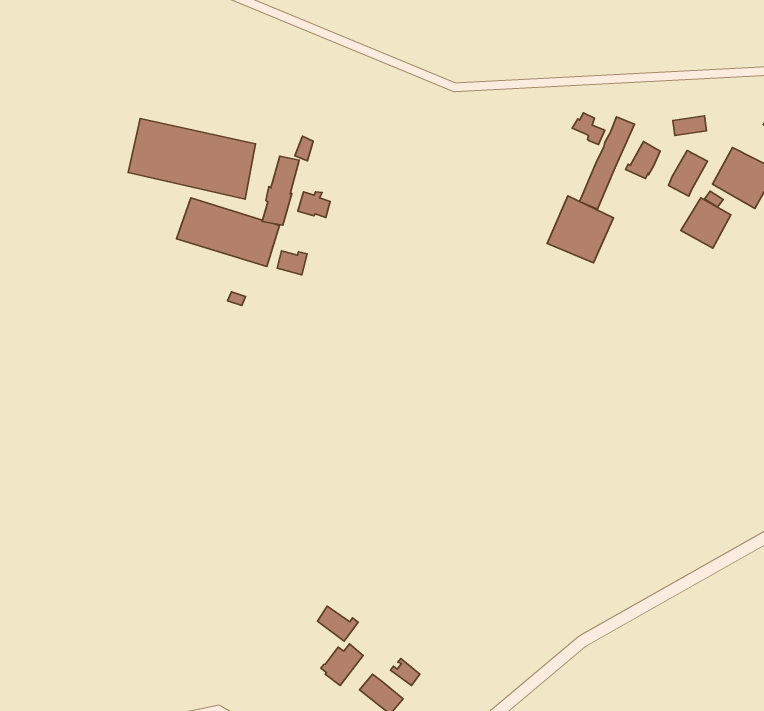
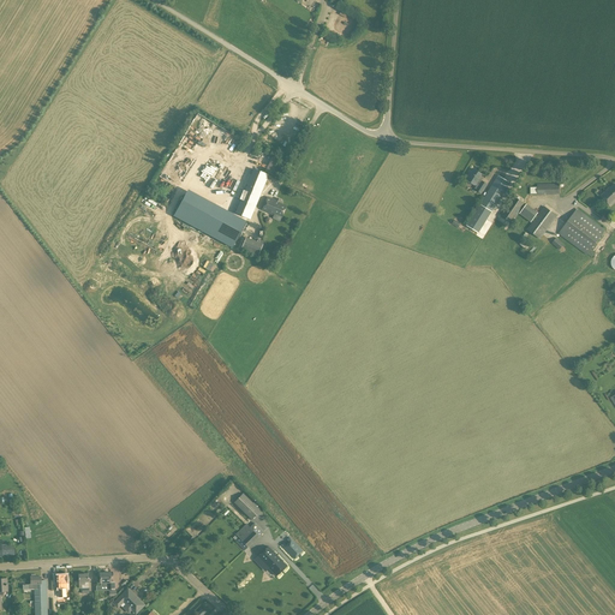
building: [128,119,255,199] -> none
building: [547,196,613,263] -> none
building: [681,198,731,248] -> none

